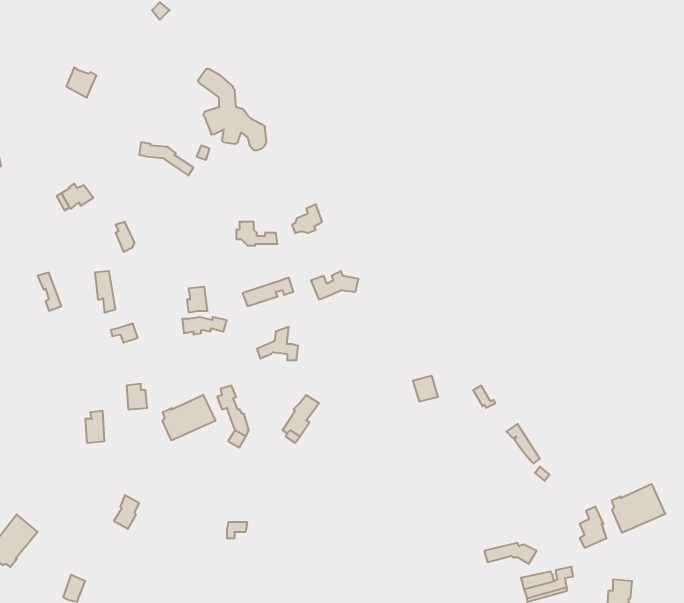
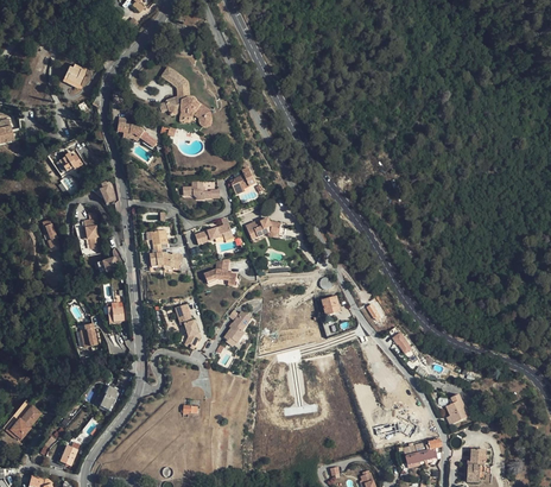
building: [163,395,216,440] -> none
building: [612,484,665,533] -> none

